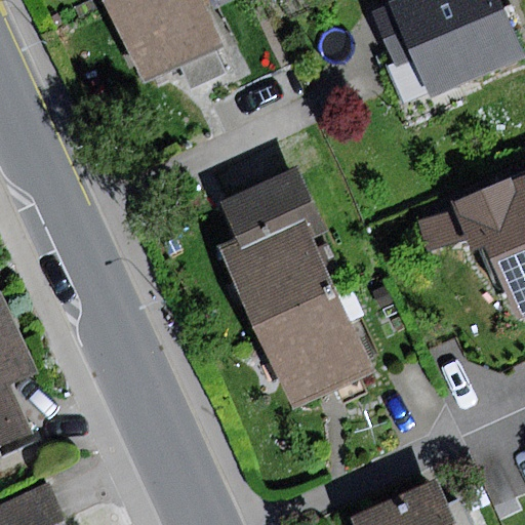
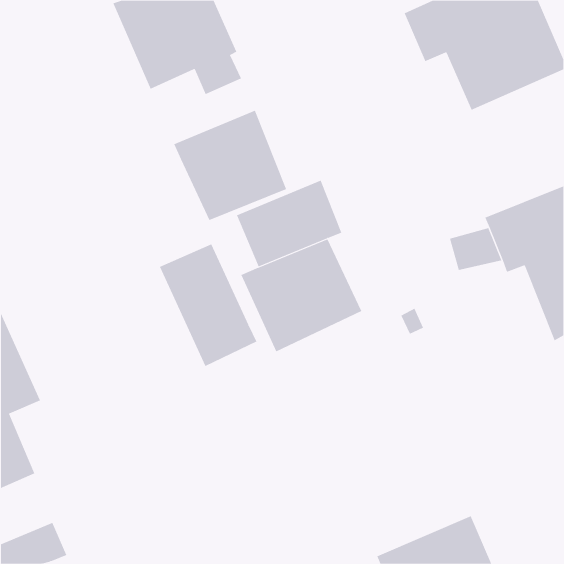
building: none -> [173,110,287,221]
building: none -> [159,243,257,367]
building: [256,289,375,406] -> none

